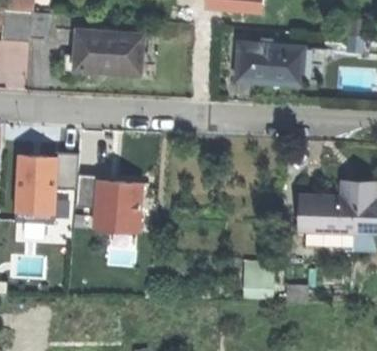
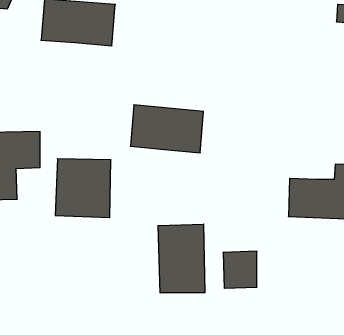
building: [238,42,305,86] -> [130,105,203,153]
building: none -> [158,224,205,293]

